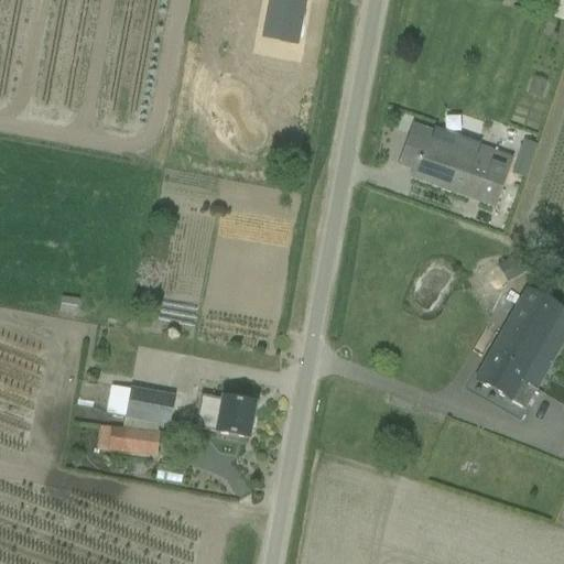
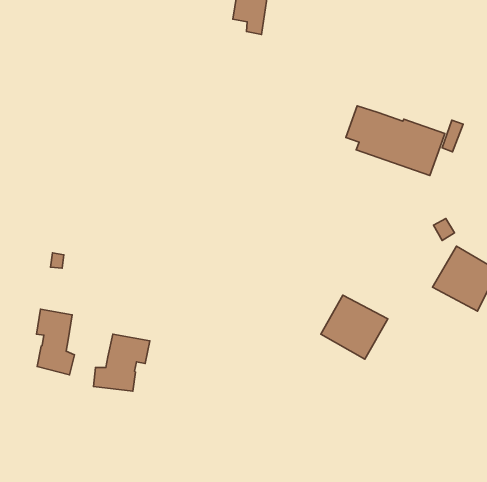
building: [475,332,552,405] -> [321,295,388,359]
building: none -> [37,309,74,375]
building: [195,391,254,435] -> none

